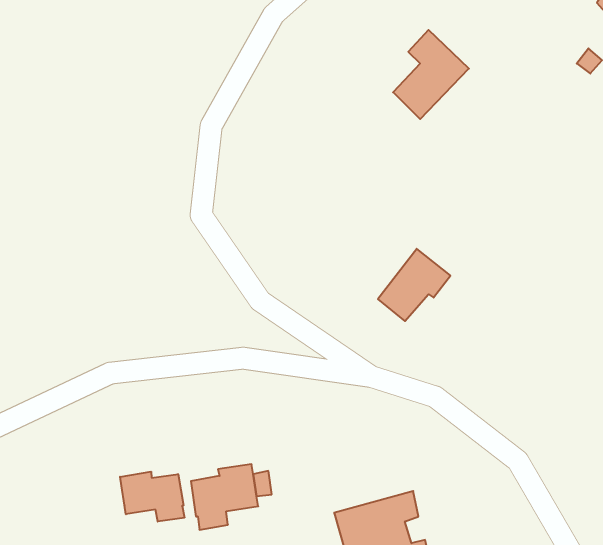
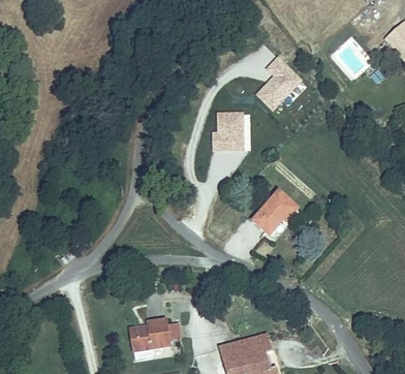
building: none -> [213,108,248,149]
building: [120,472,184,522] -> none

